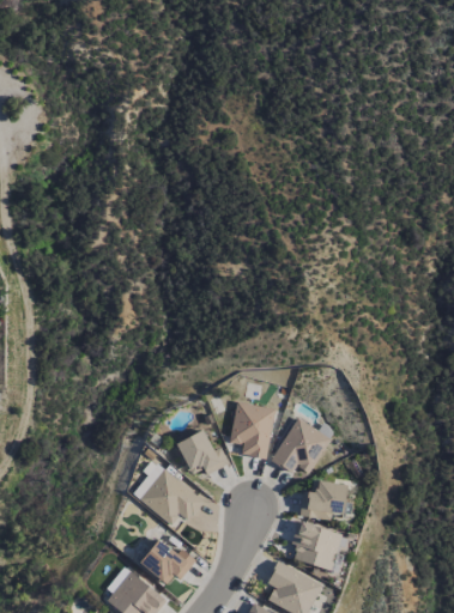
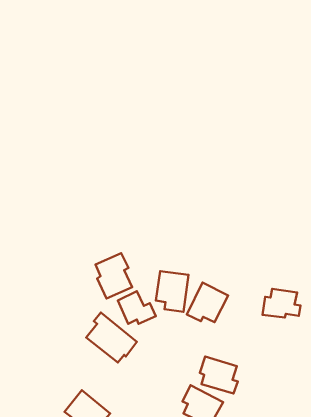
building: none -> [95,253,132,299]
building: [301,479,353,518] -> [263,289,301,317]
building: [139,538,196,584] -> none

